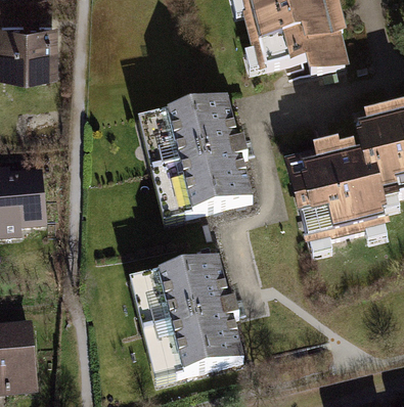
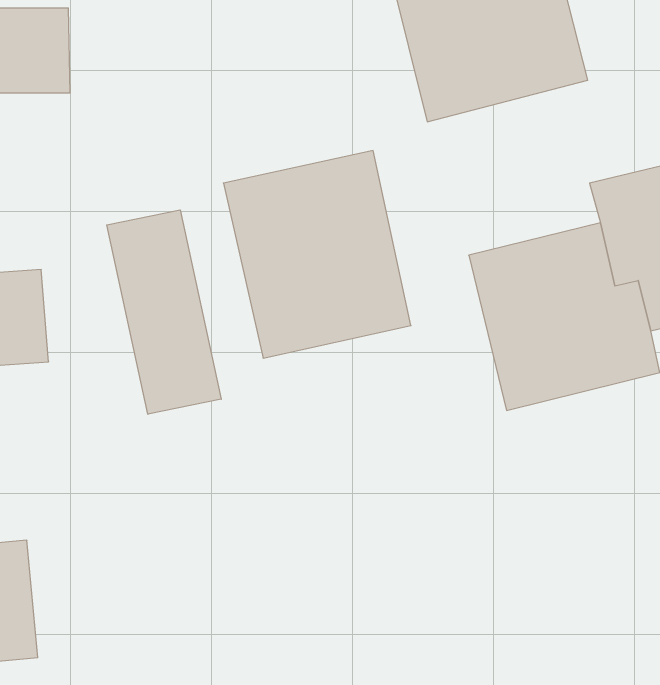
building: none -> [107,210,221,414]
building: [134,259,239,376] -> none

